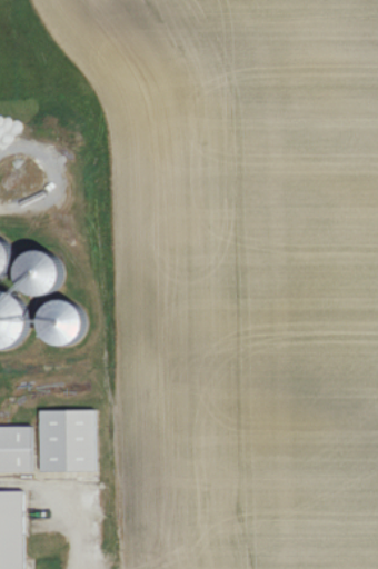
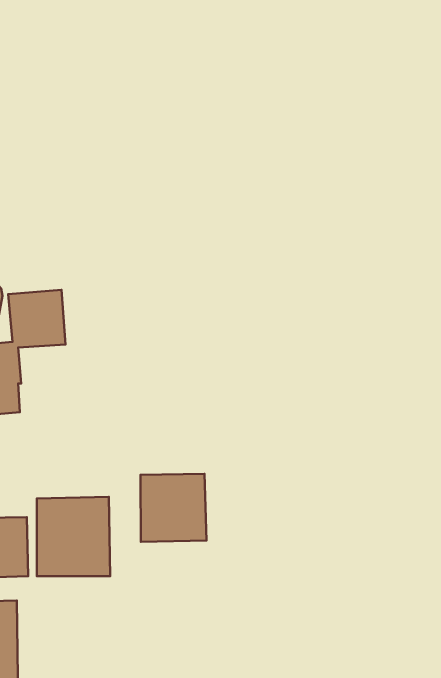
building: [40,301,82,343] -> none
building: none -> [141,474,206,542]

